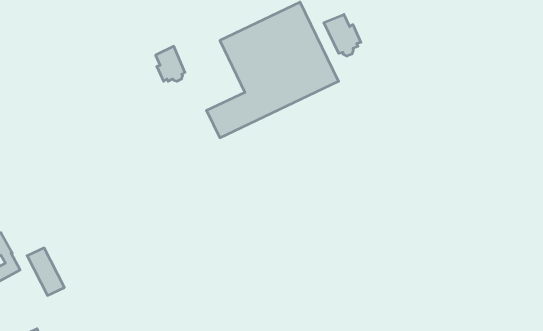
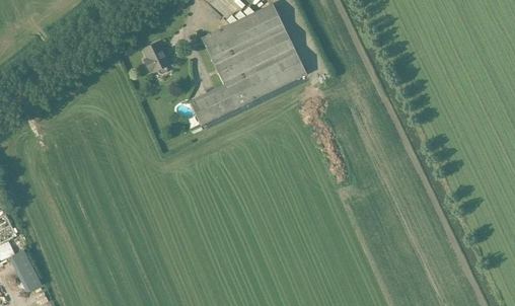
building: [324,14,361,56] -> none
building: [27,248,64,295] -> [9,249,43,292]

